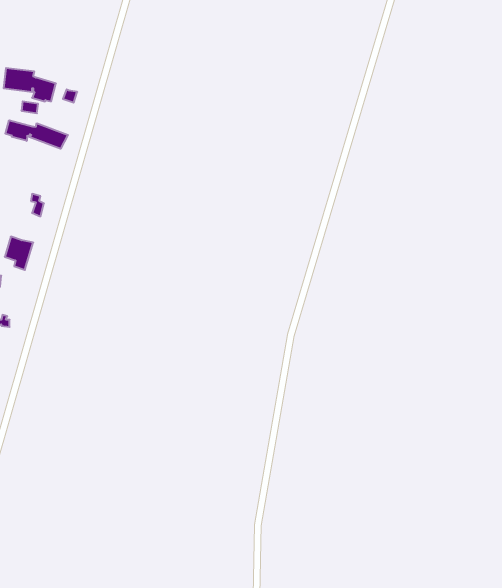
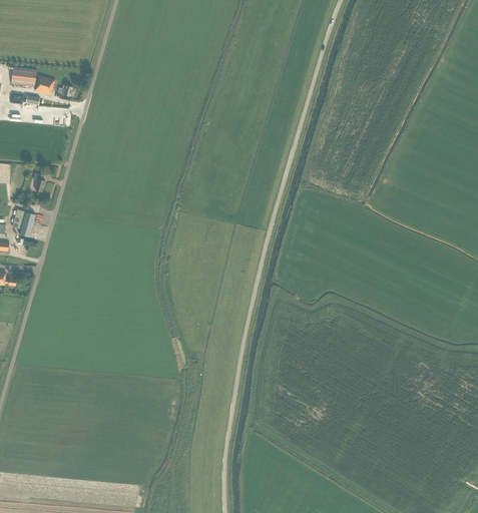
building: [5,120,68,149] -> none

